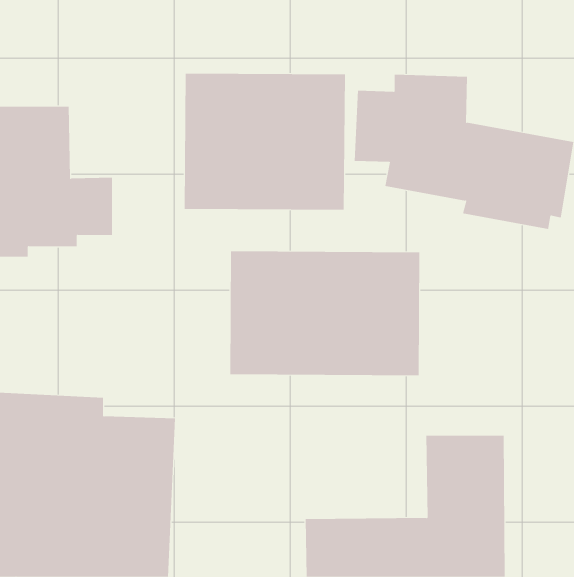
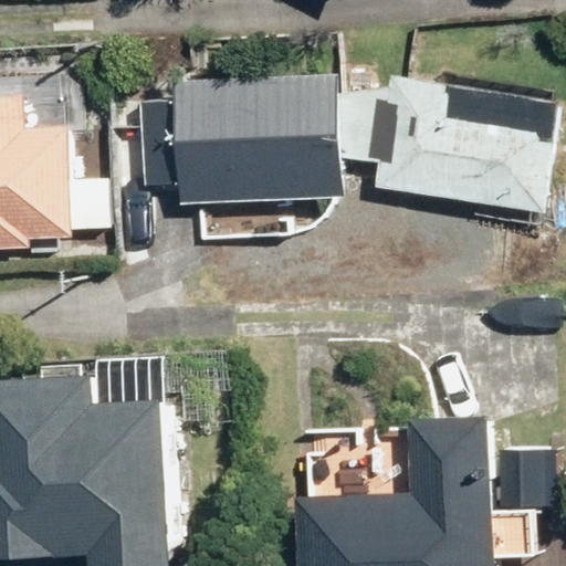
building: [230,251,420,376] -> none

